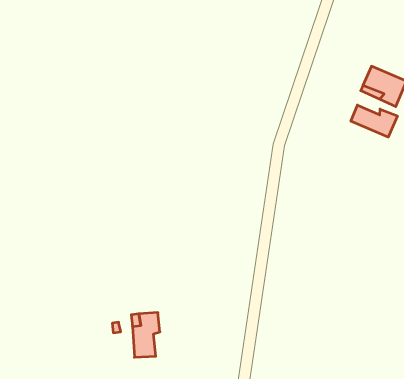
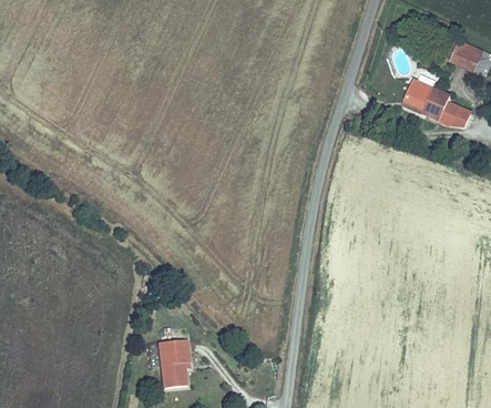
building: [351,105,397,137] -> none

